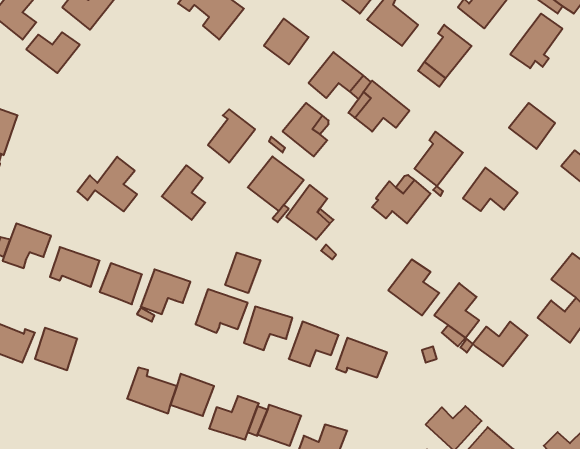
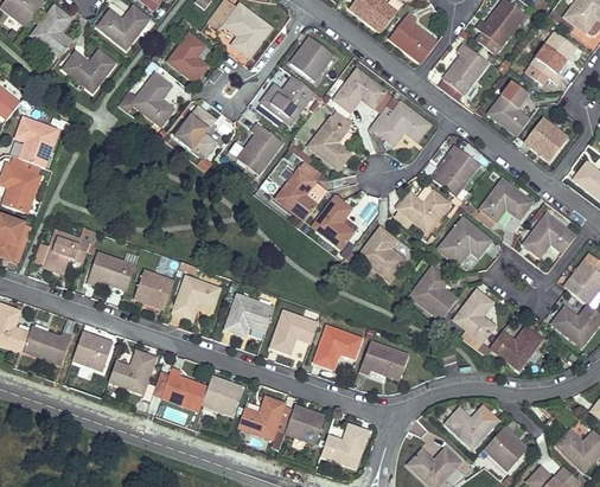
building: none -> [167,33,208,82]
building: none -> [260,76,314,124]
building: none -> [489,83,530,135]
building: [77,157,137,211] -> [117,73,174,126]
building: [162,165,205,220] -> [175,107,217,159]
building: none -> [523,213,575,256]
building: none -> [439,217,491,263]
building: none -> [358,226,407,281]
building: [225,253,260,293] -> none
building: none -> [109,352,157,395]

